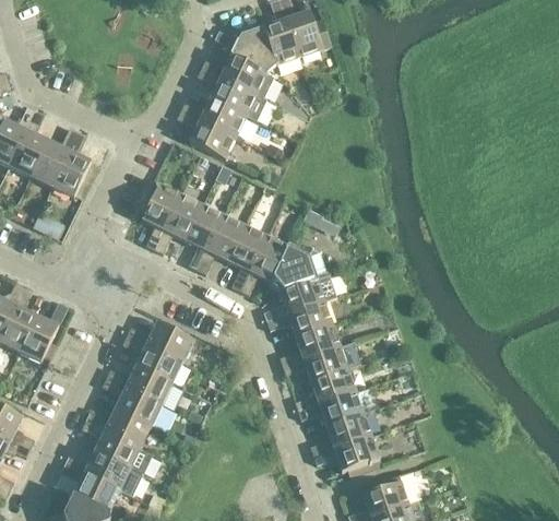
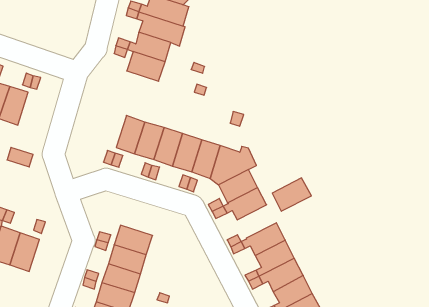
building: [51,150,91,198] -> none
building: [141,182,181,229] -> none
building: [295,322,341,358] -> [272,178,311,211]

